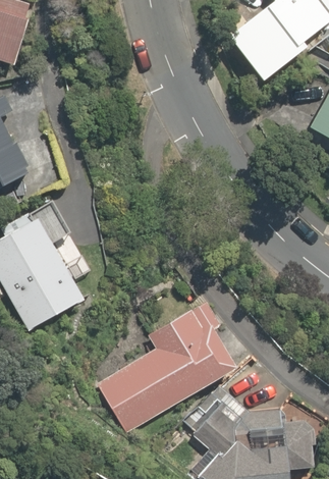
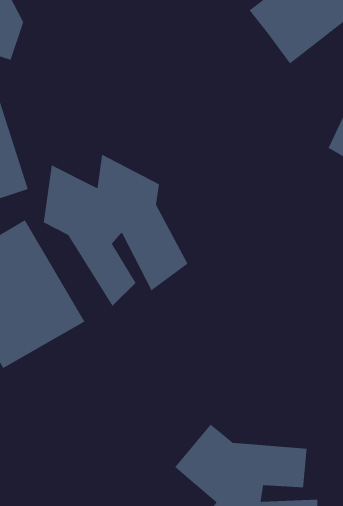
building: none -> [43,153,189,307]
building: [76,304,251,420] -> none

